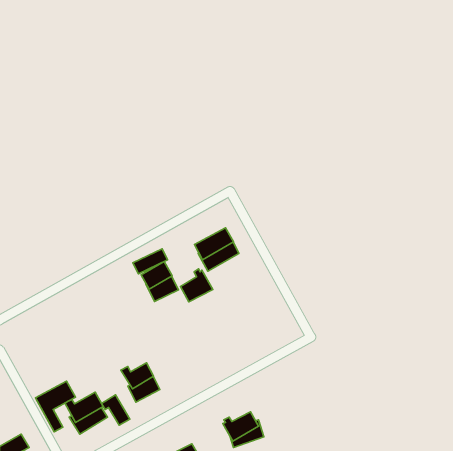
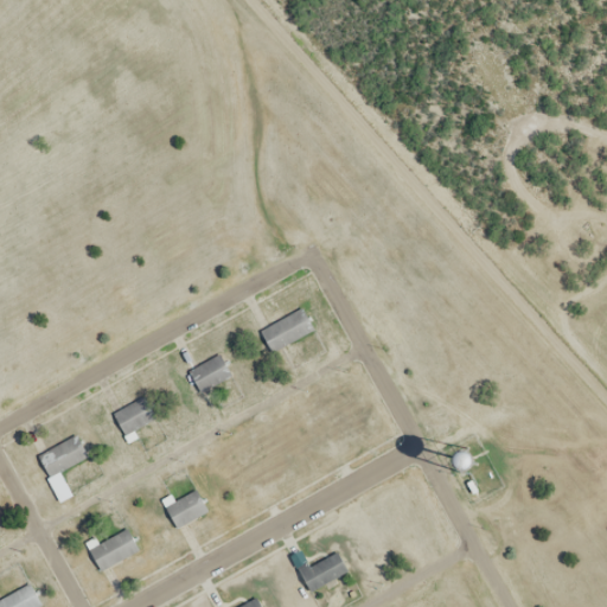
building: [133,249,168,274] -> none
building: [180,269,213,302] -> none
building: none -> [110,394,158,443]
building: [35,381,75,432] -> [33,433,87,500]
building: [101,395,130,425] -> none

